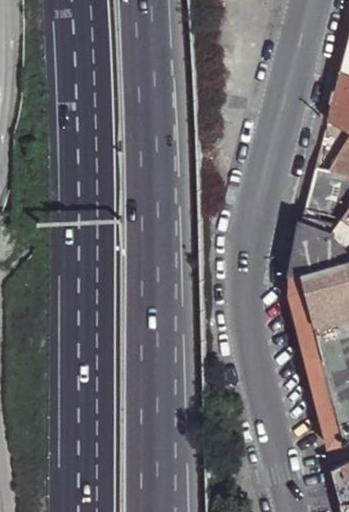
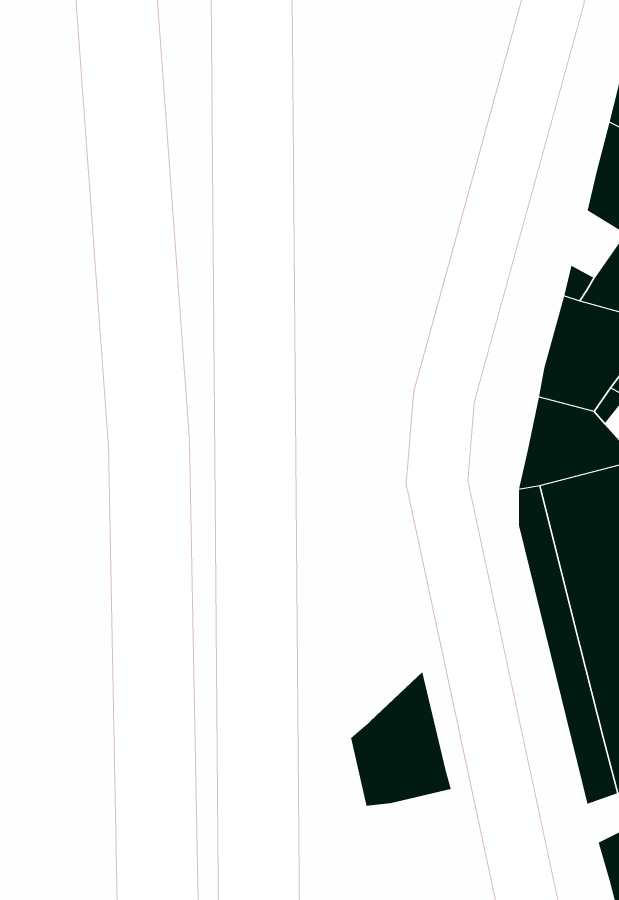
building: none -> [350,671,452,806]

